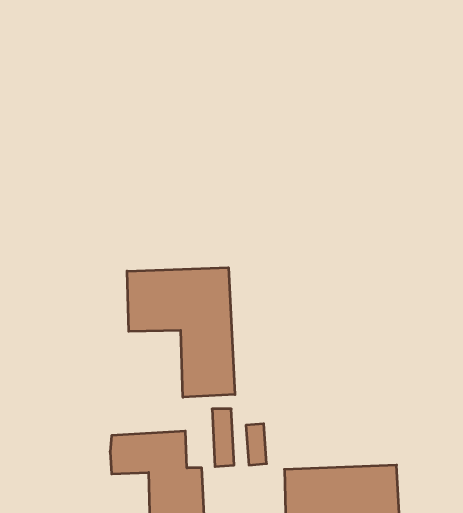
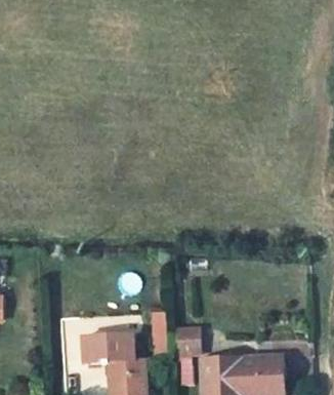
building: [127,268,235,397] -> none

